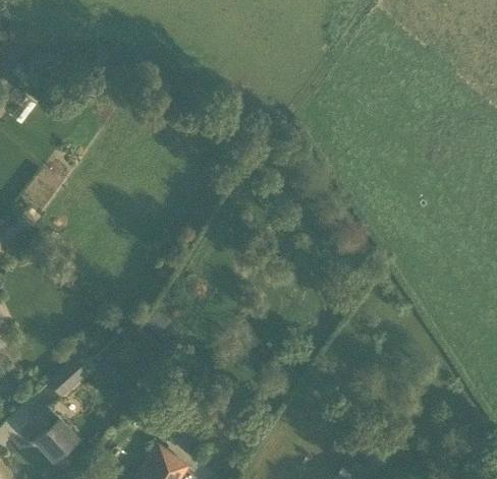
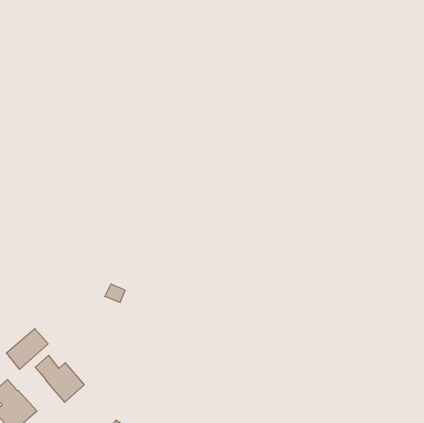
building: none -> [35,355,84,402]

